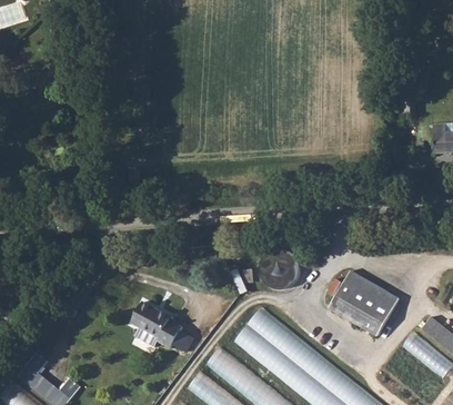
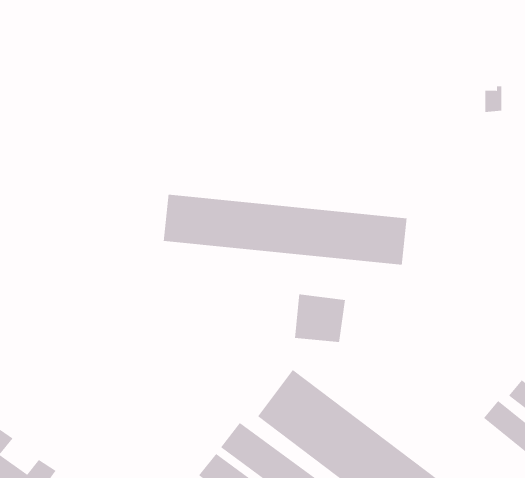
building: none -> [163,194,407,266]
building: [332,275,402,334] -> none
building: [138,307,189,354] -> none

